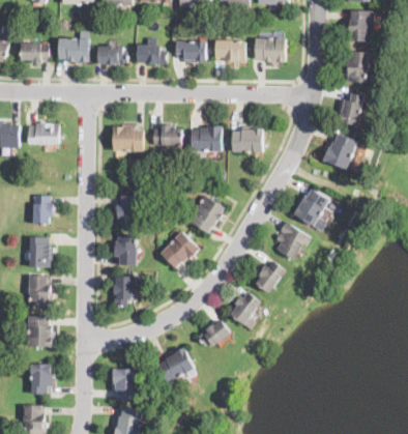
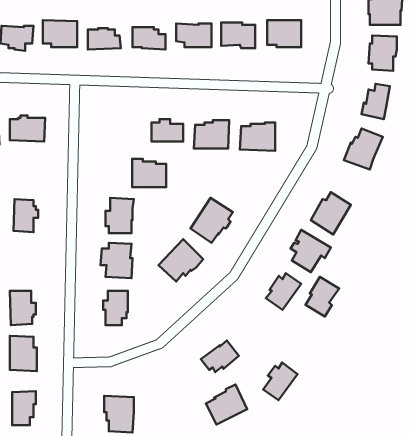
building: [113,126,143,151] -> [132,159,166,187]
building: [30,237,50,267] -> none
building: none -> [306,277,339,316]
building: [230,292,260,325] -> [263,362,297,400]
building: [157,347,194,382] -> [206,384,247,425]

